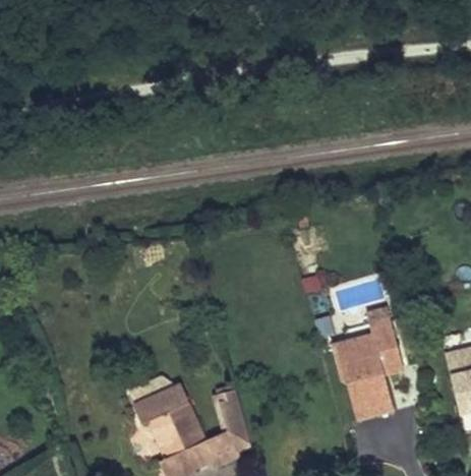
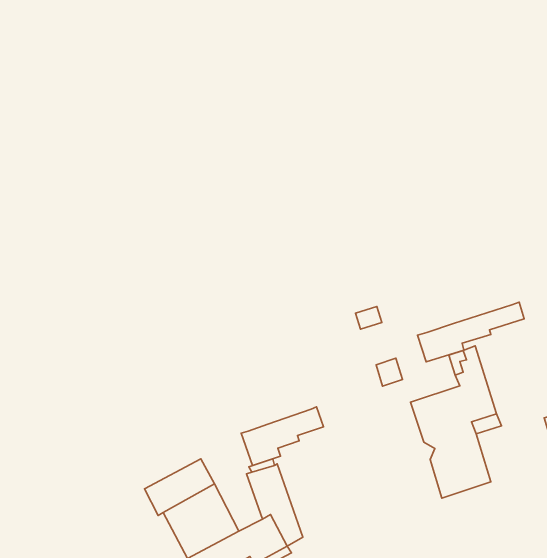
building: none -> [418,302,524,362]
building: none -> [241,407,323,465]

